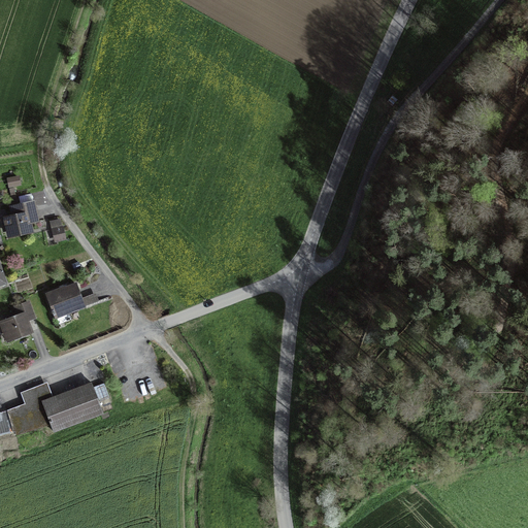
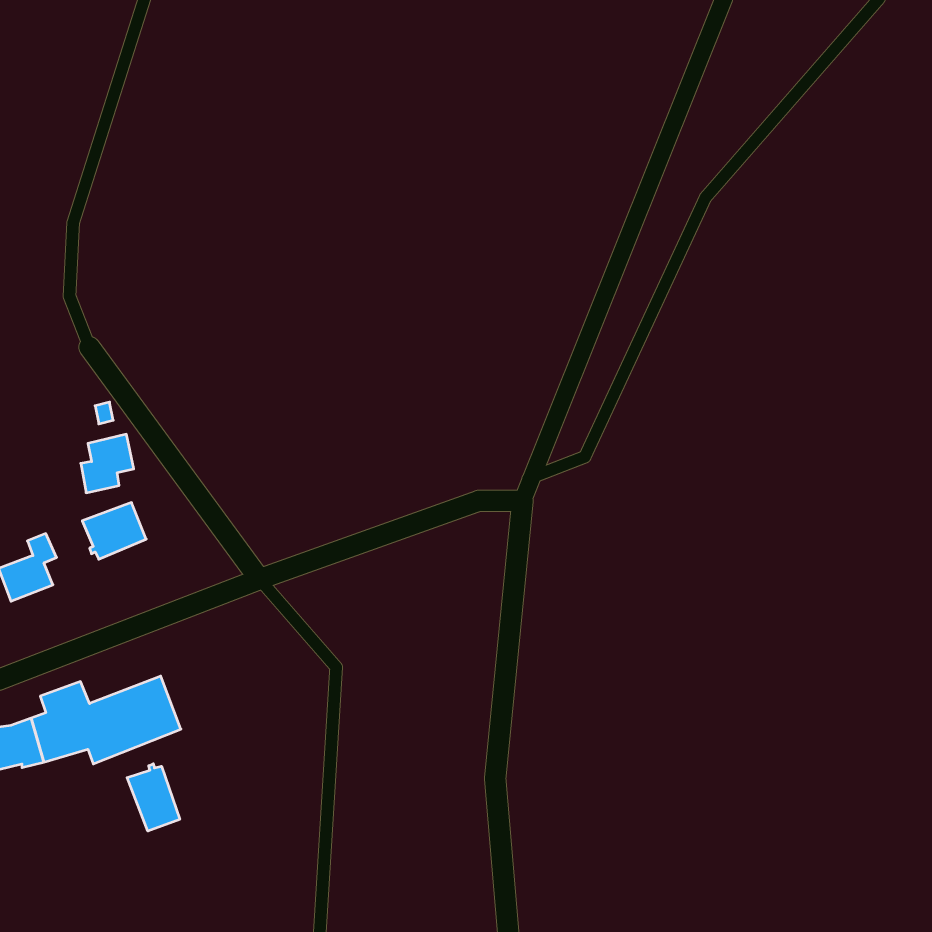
building: [6,200,36,233] -> [81,434,134,493]
building: none -> [127,764,180,831]

